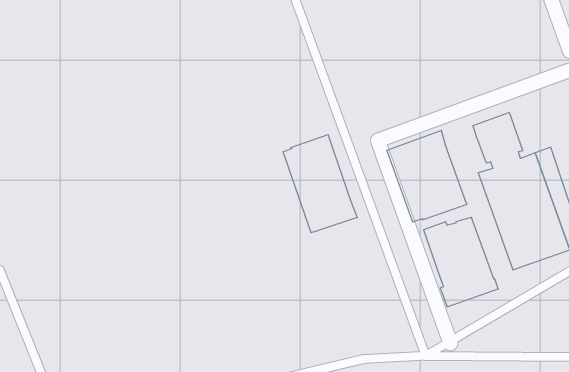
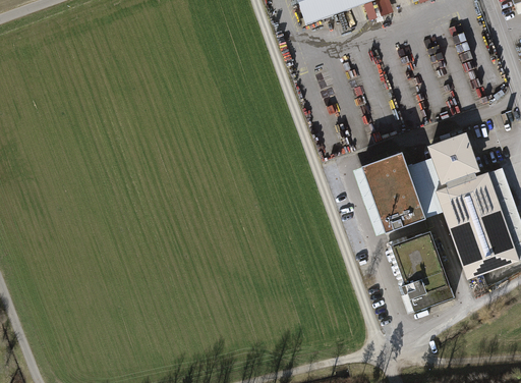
building: [283,135,357,233] -> none
building: none -> [407,156,450,216]

